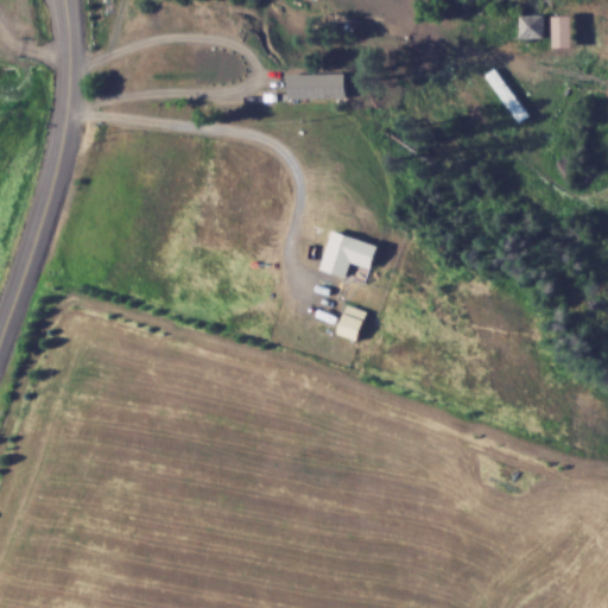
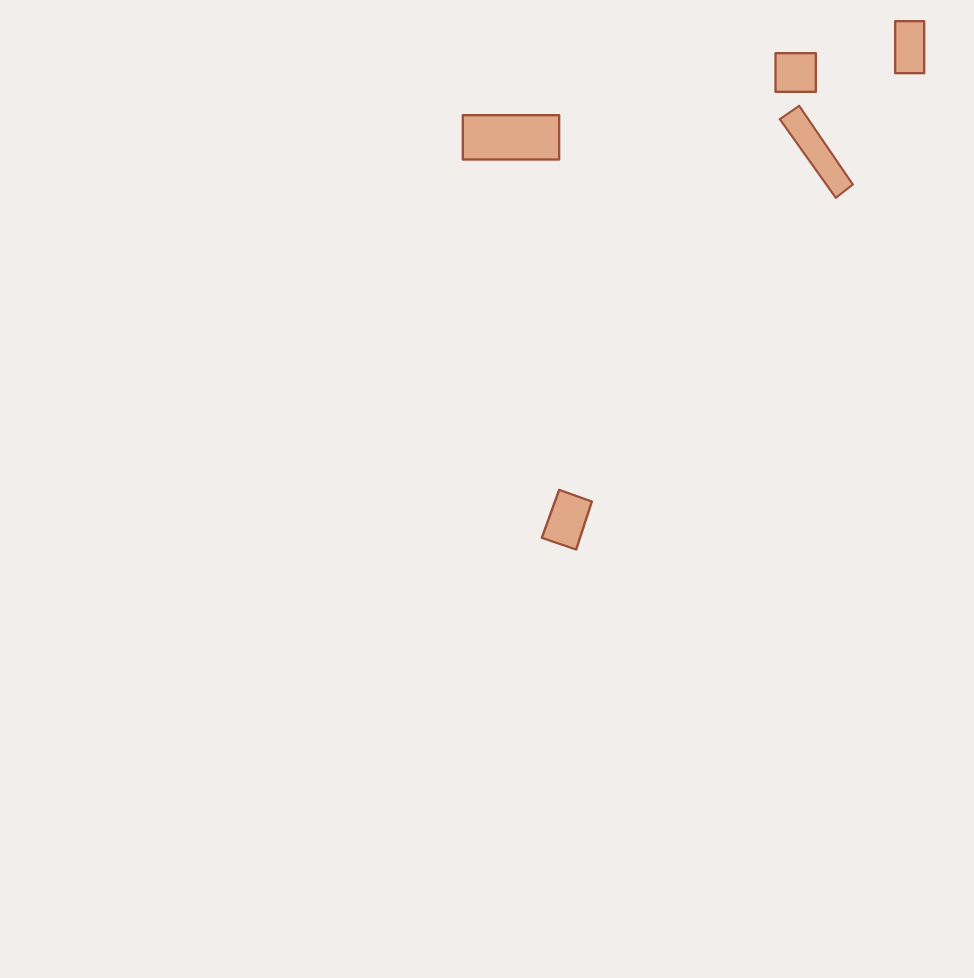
building: [519,15,544,39] -> [775,53,816,92]
building: [318,230,378,279] -> none

